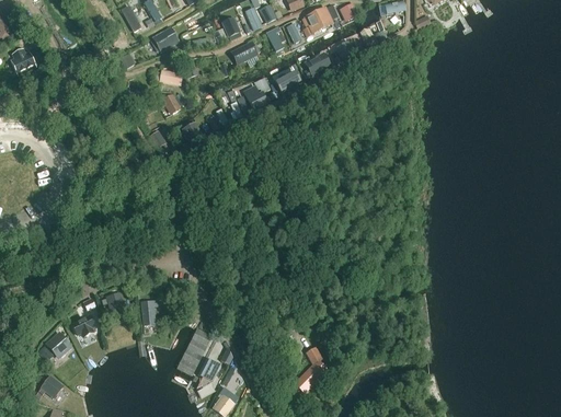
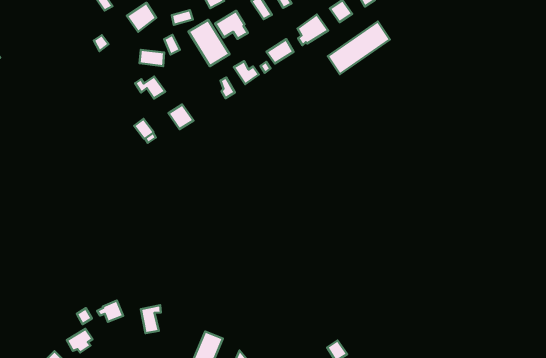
building: none -> [188,20,230,66]
building: none -> [328,22,390,74]

